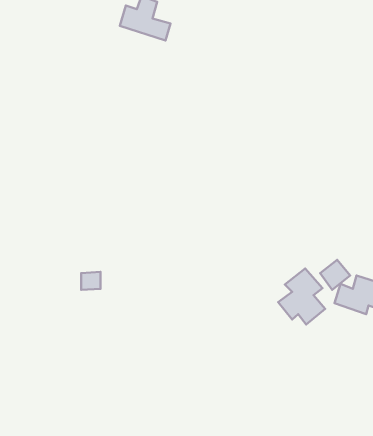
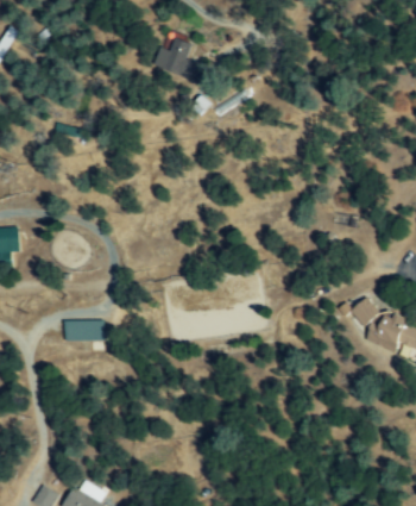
building: [278,268,325,324] -> none
building: none -> [63,320,103,341]

